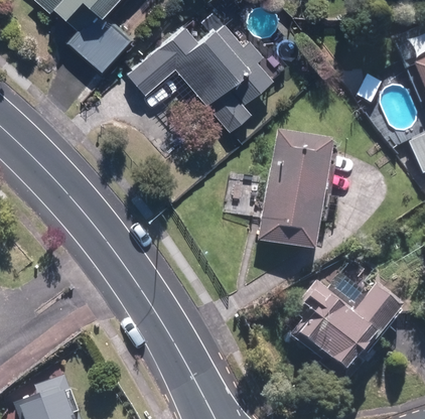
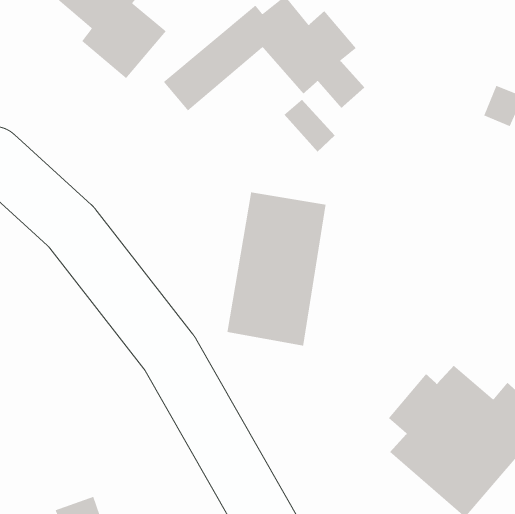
building: [254,138,325,249] -> [227,192,326,346]

